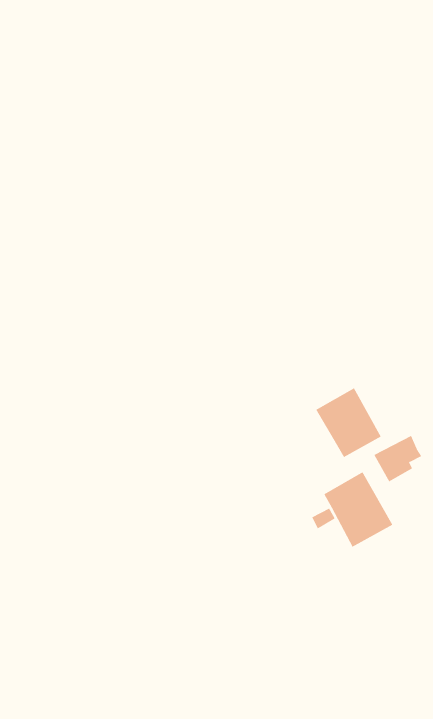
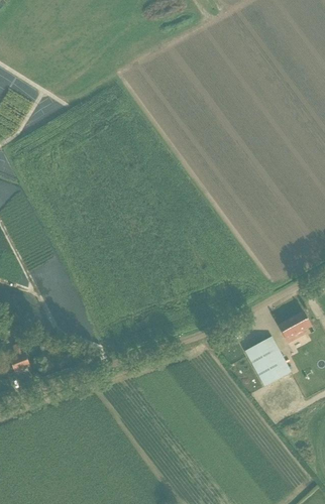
building: [316,388,382,458] -> none

